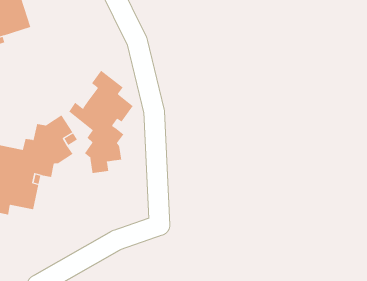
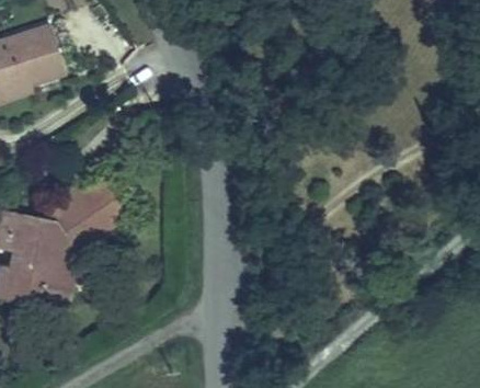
building: [69,70,134,174] -> none

